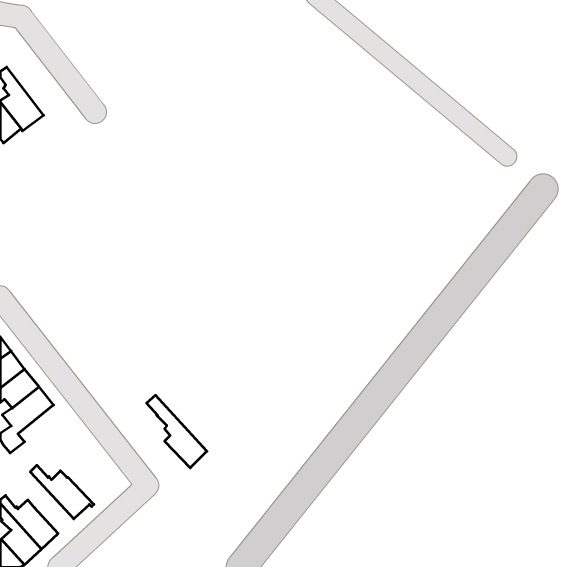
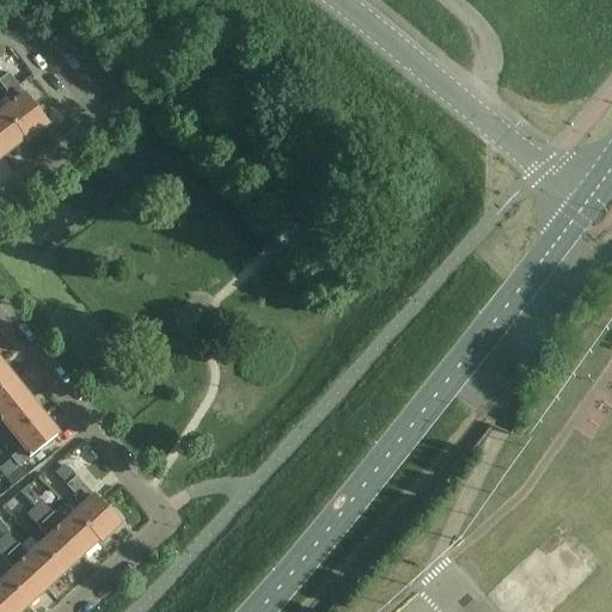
building: [147,395,207,468] -> [54,461,118,539]
building: none -> [25,504,79,570]

